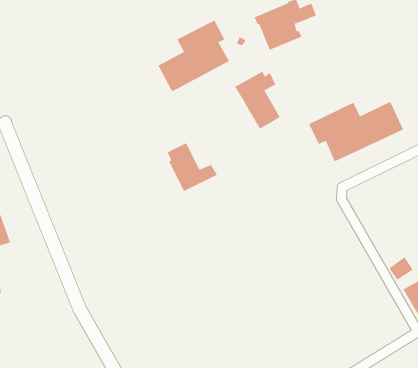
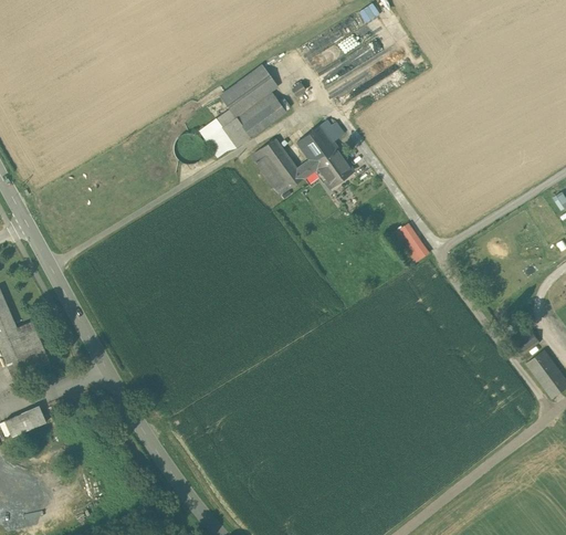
building: [309,101,404,162] -> none
building: [167,143,218,192] -> [253,137,317,197]
building: none -> [392,222,429,263]

